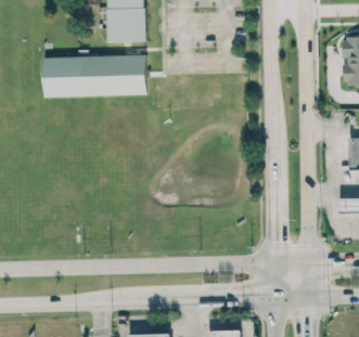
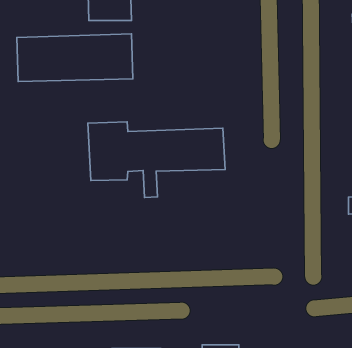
building: none -> [88,122,225,198]

